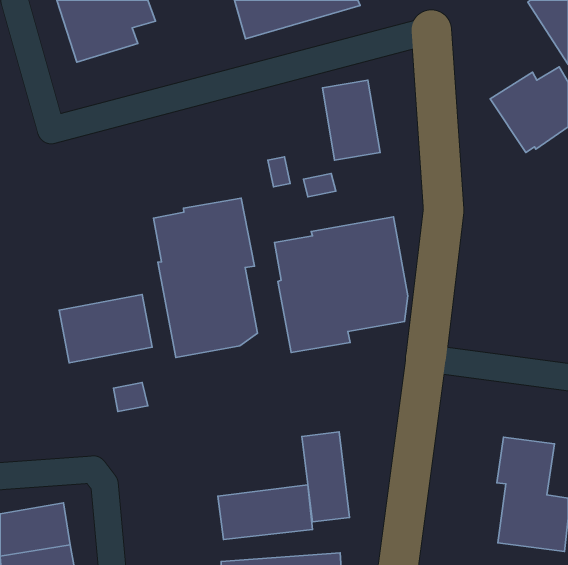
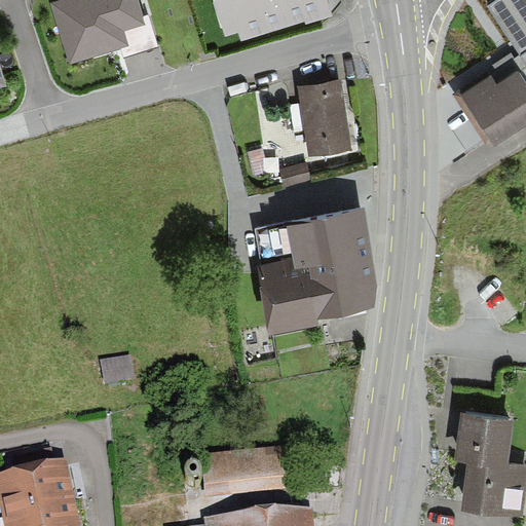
building: [153,198,258,357] -> none
building: [59,294,152,363] -> none
building: [302,432,350,522] -> none

